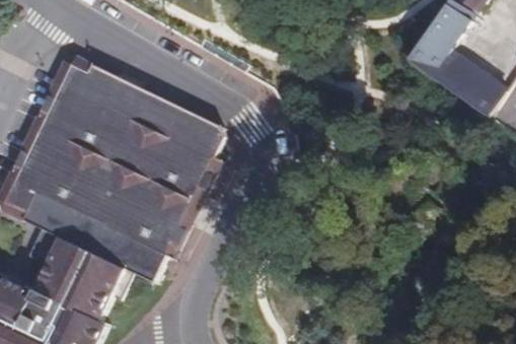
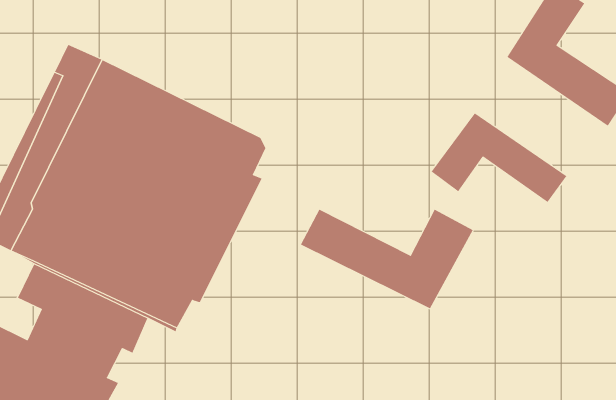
building: none -> [431,113,567,203]
building: none -> [300,209,474,309]

